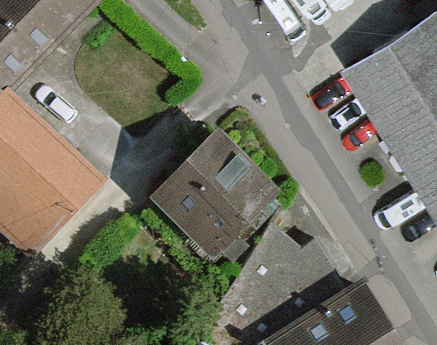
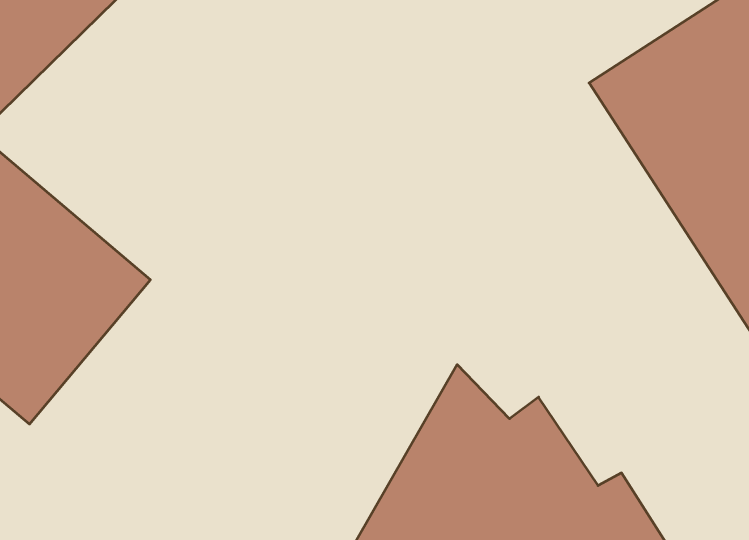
building: [152,135,278,260] -> none

